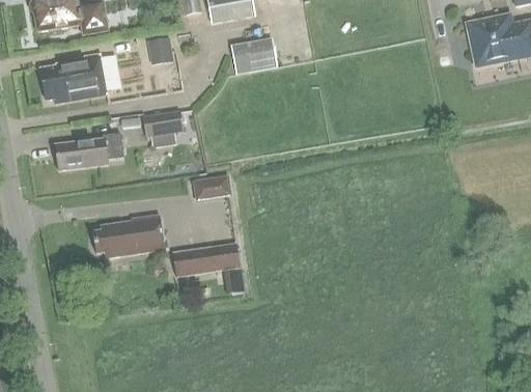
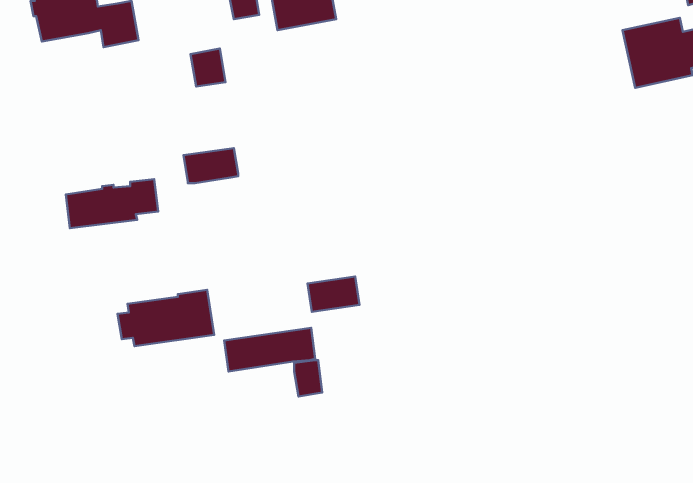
building: [231,38,277,73] -> none
building: [40,53,107,102] -> none
building: [193,174,231,200] -> [308,277,359,312]

